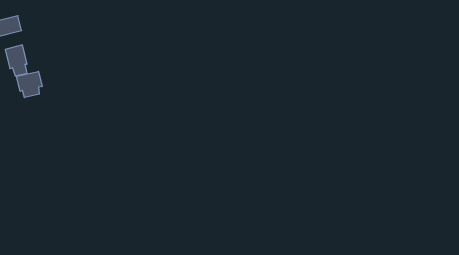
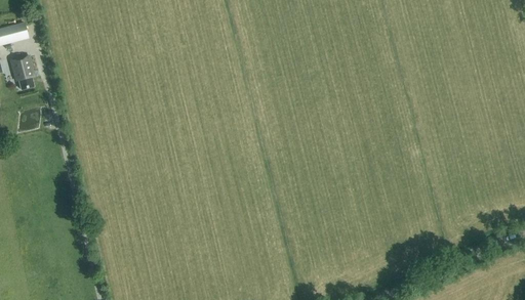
building: [17,71,42,98] -> none

